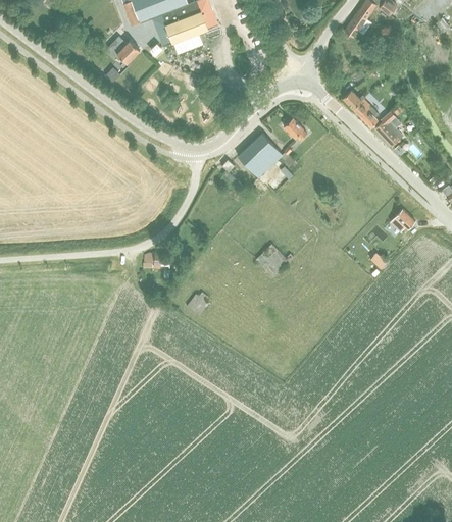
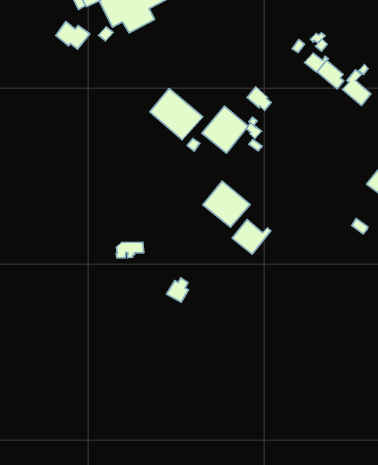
building: none -> [150,88,203,140]
building: none -> [203,181,250,227]

